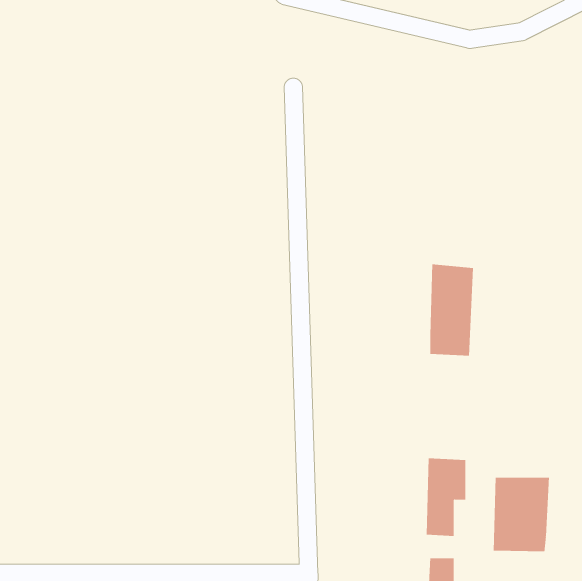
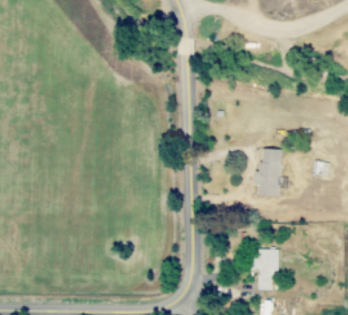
building: [493,477,549,552] -> none

